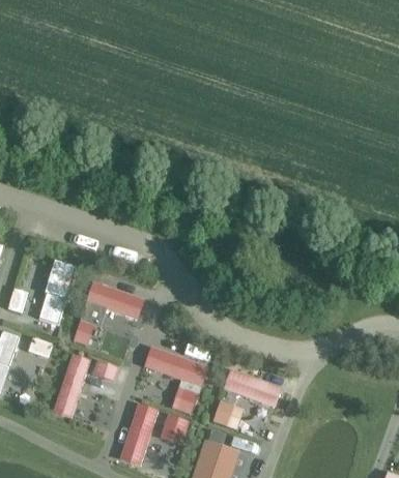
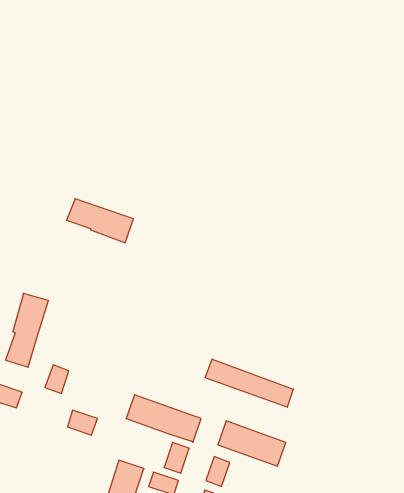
building: [86,281,144,320] -> [67,199,133,243]
building: none -> [205,359,293,407]
building: [53,353,90,417] -> none

